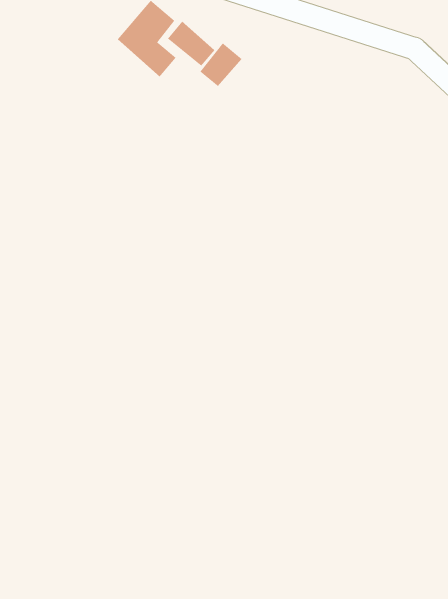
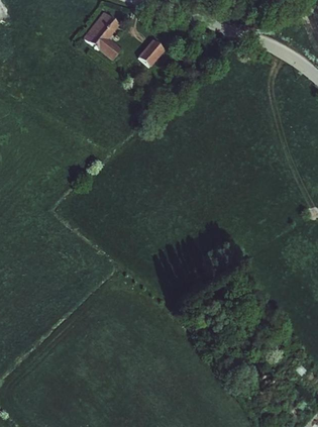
building: [167,21,215,66] -> none

